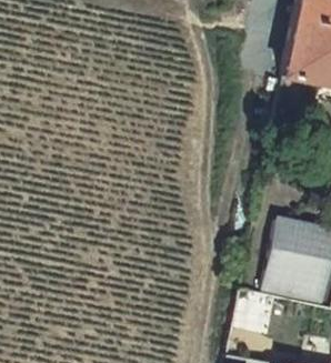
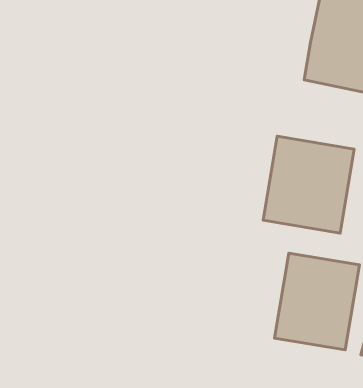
building: none -> [263,136,354,233]

